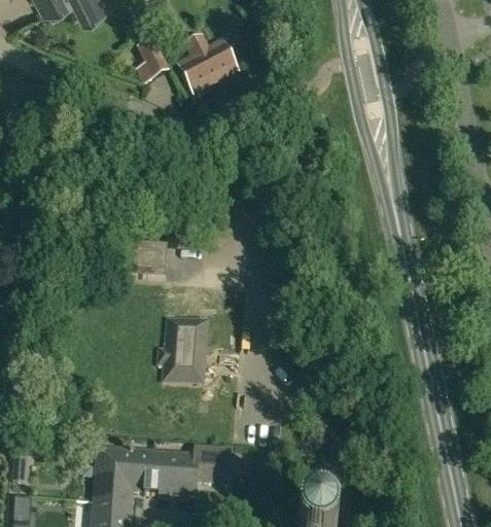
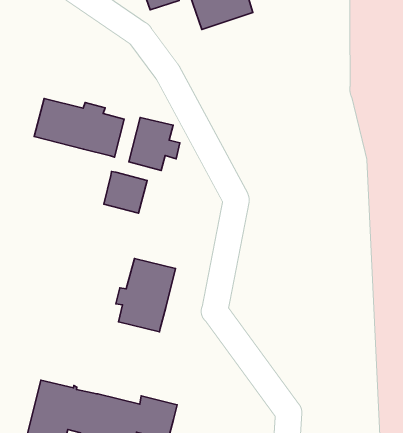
building: none -> [34,99,124,157]
building: none -> [129,117,180,171]

